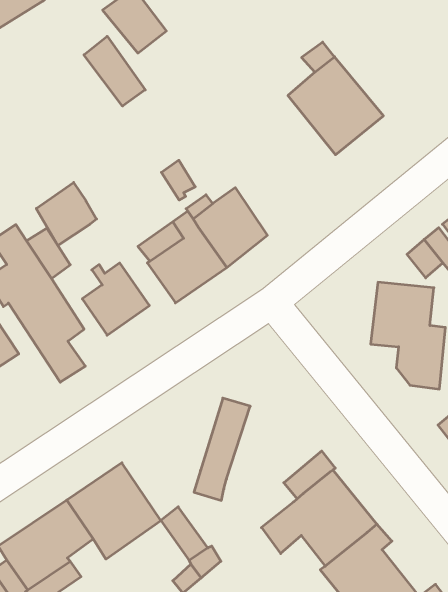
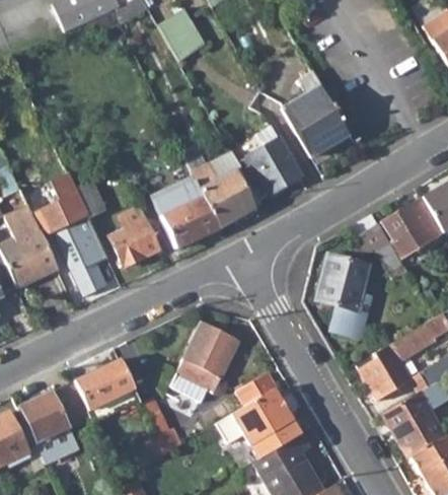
building: [84,36,145,106] -> none
building: none -> [237,124,299,199]
building: [36,182,97,245] -> none
building: none -> [190,332,240,404]

